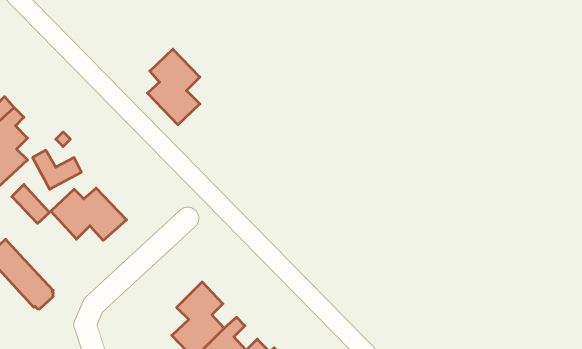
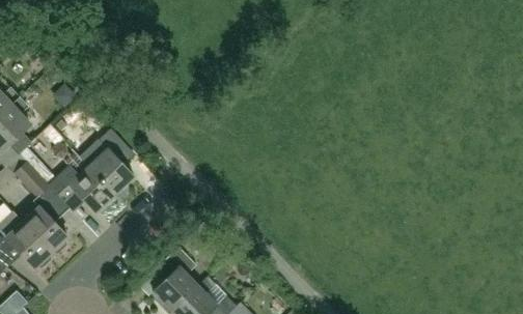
building: [147,49,200,125] -> [88,130,133,194]
building: none -> [24,208,68,254]

